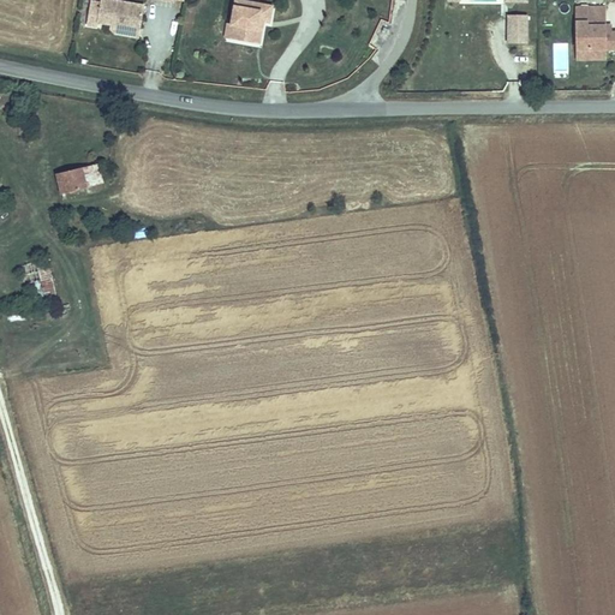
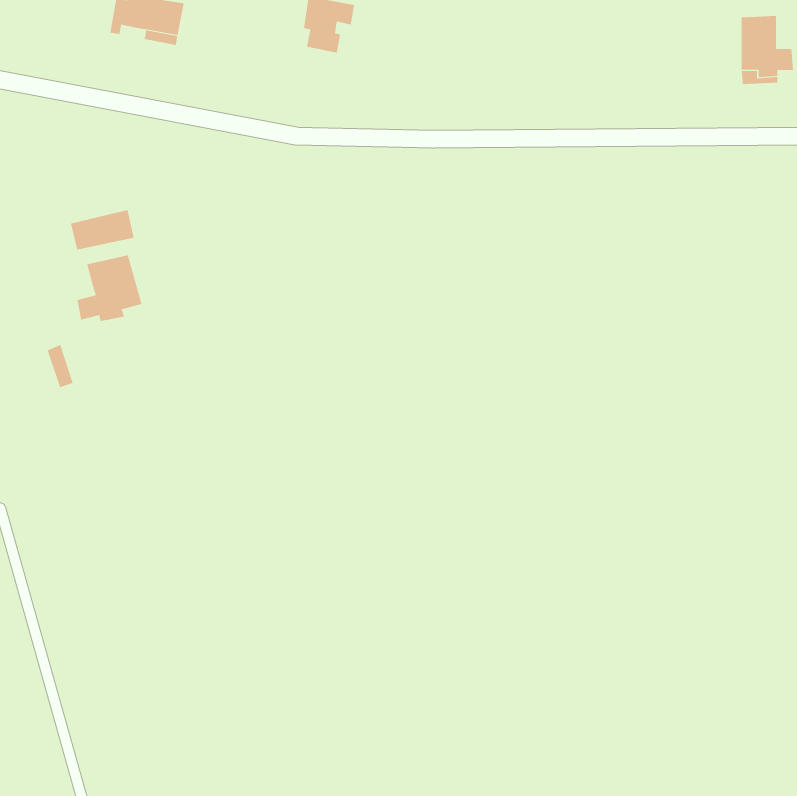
building: [508,12,526,41] -> none
building: none -> [77,255,142,322]

